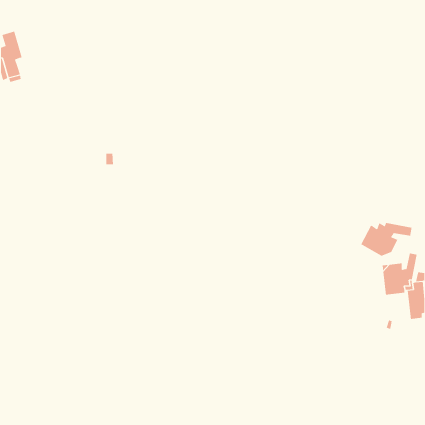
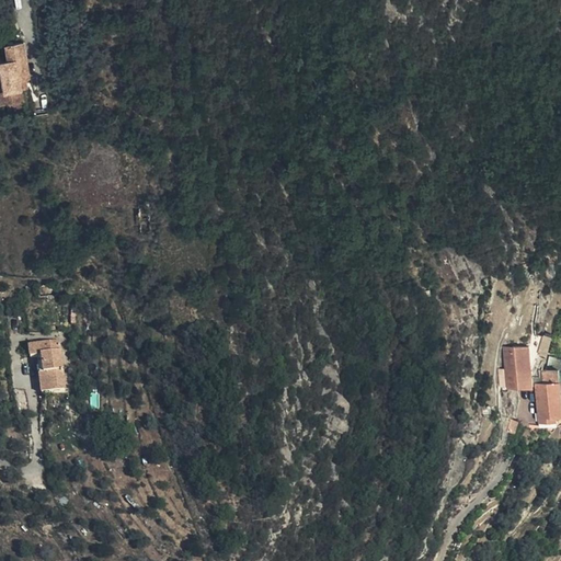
building: [361,222,412,257] -> none
building: none -> [26,342,62,392]

